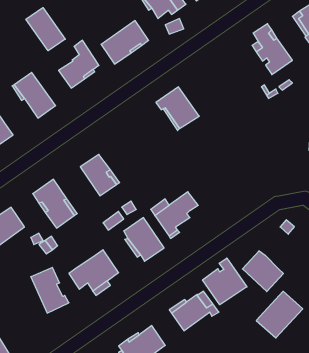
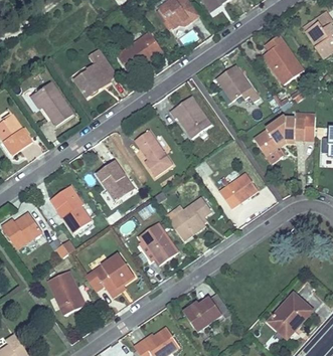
building: [26,8,65,51] -> none
building: none -> [216,64,259,102]
building: none -> [255,112,315,156]
building: none -> [135,130,172,176]
building: none -> [227,173,258,203]
building: [242,251,283,292] -> none
building: [203,258,247,305] -> none

